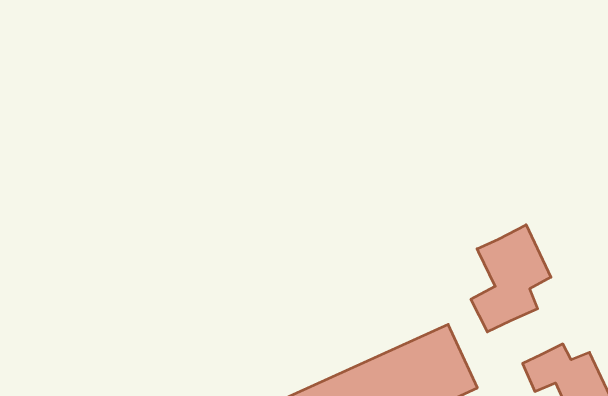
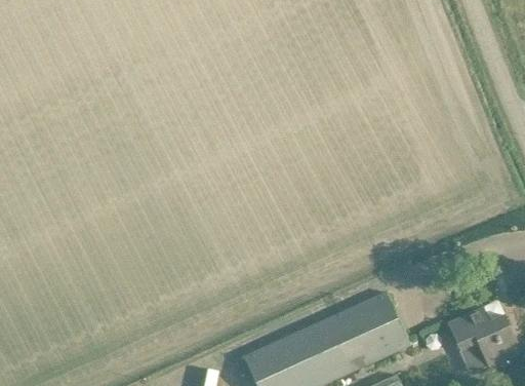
building: [471,225,551,332] -> none

